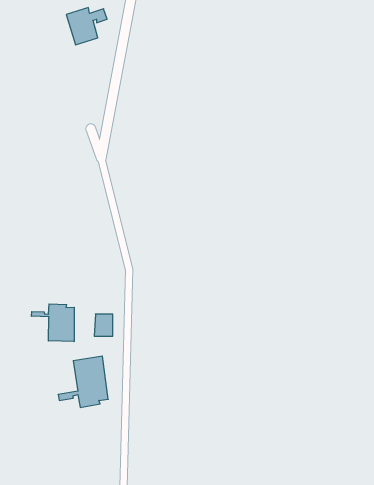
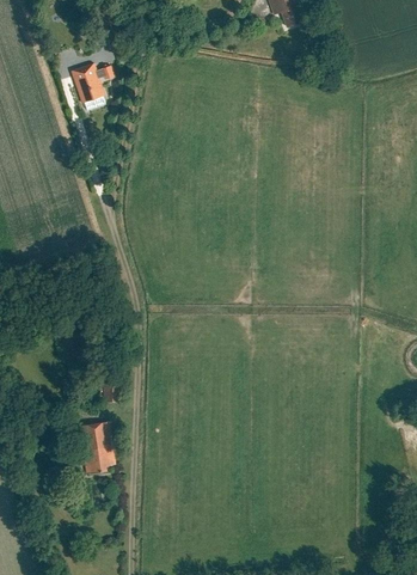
building: [31,304,74,342] -> none

